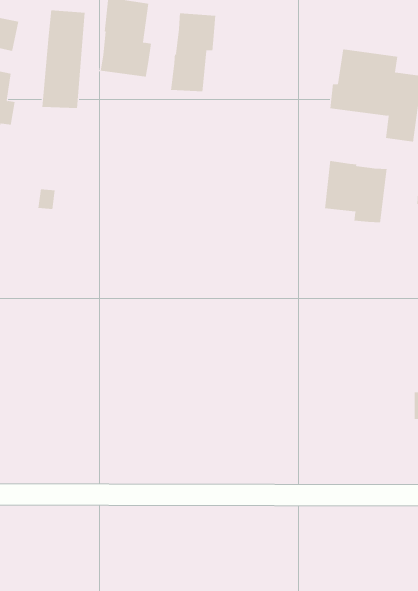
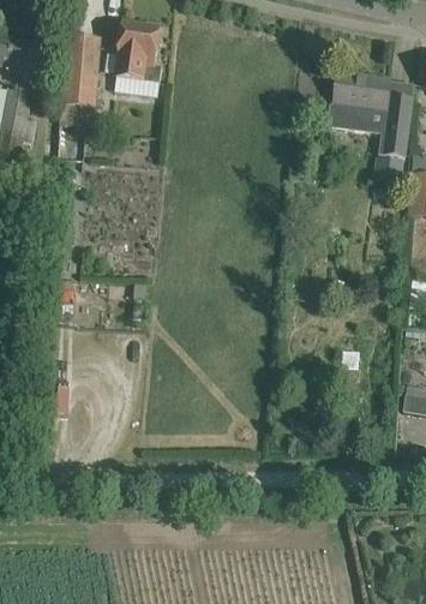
building: [171,13,216,92] -> none
building: [324,160,387,223] -> none

